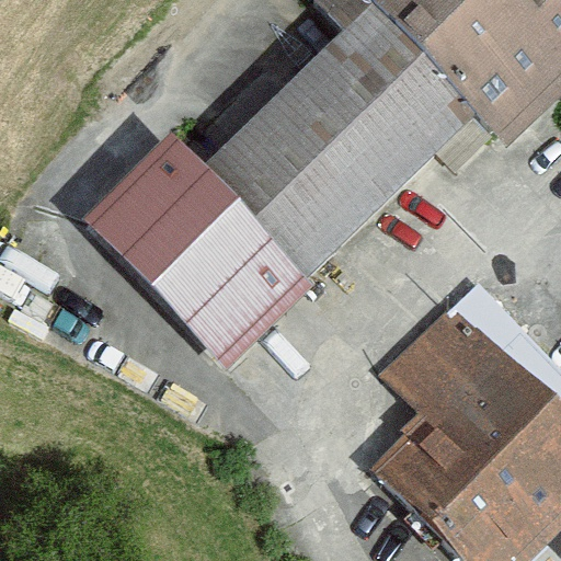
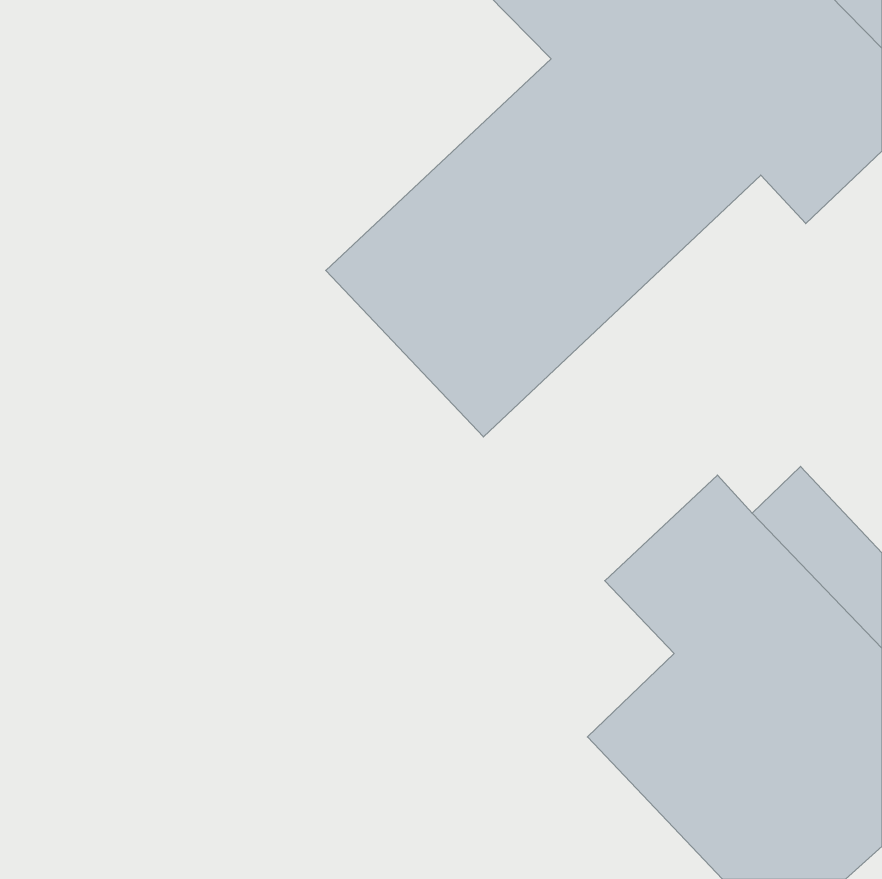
building: [88,141,313,367] -> none

